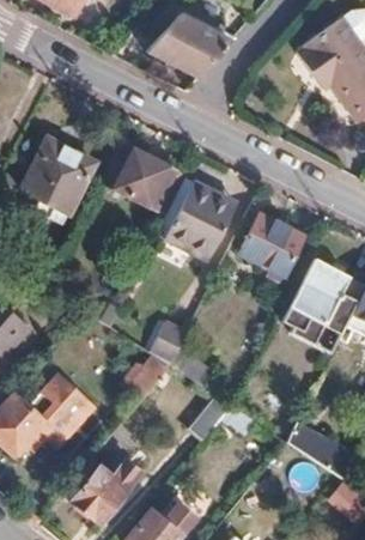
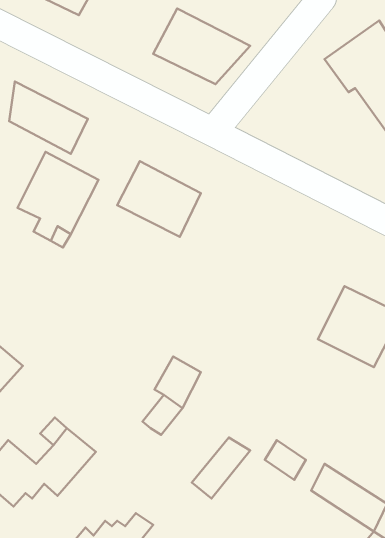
building: none -> [9,81,88,154]
building: [166,178,237,257] -> none
building: [241,212,304,274] -> none

